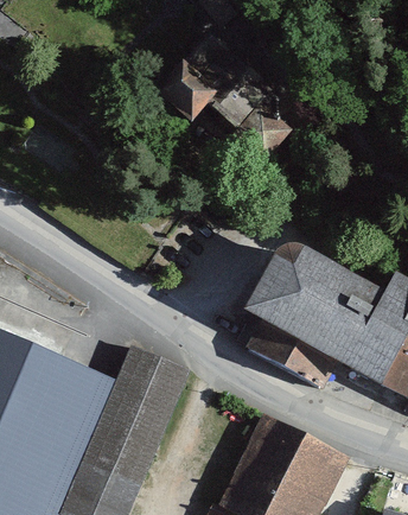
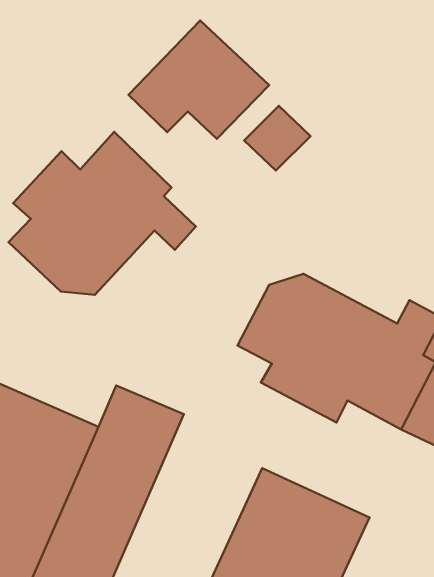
building: none -> [9,132,196,295]

